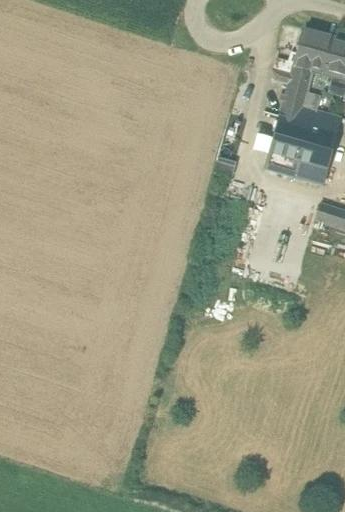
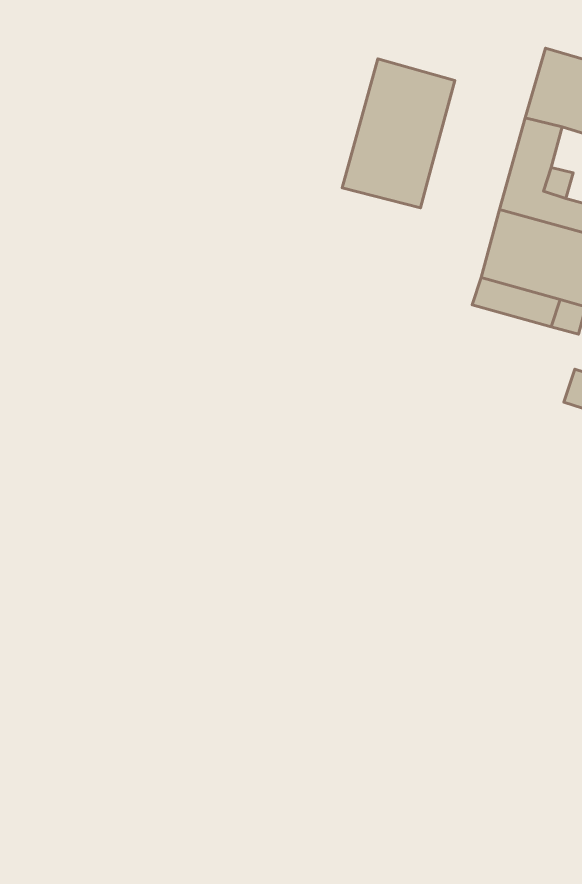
building: none -> [342,59,455,208]

